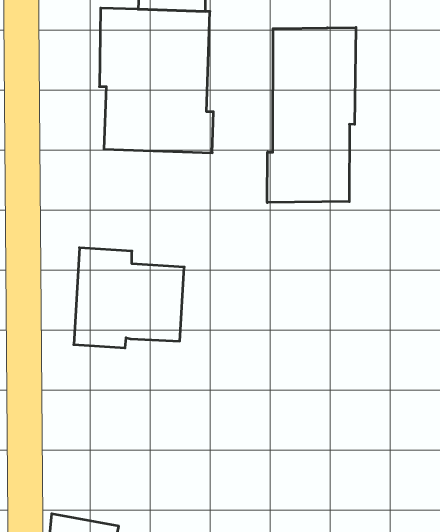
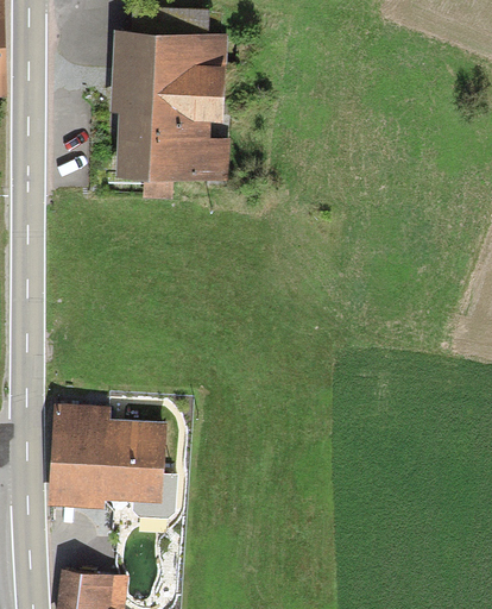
building: [267,27,356,203] -> none
building: [74,248,184,348] -> [49,398,164,503]

